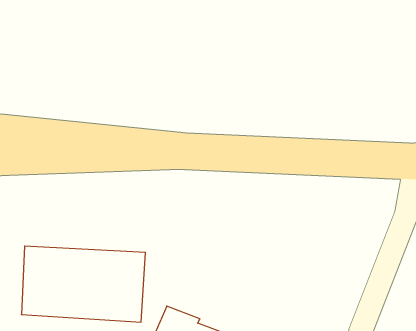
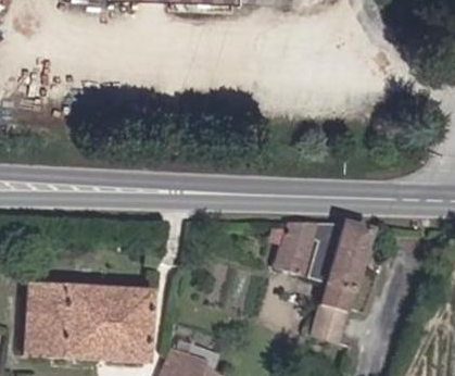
building: none -> [275,223,370,342]

